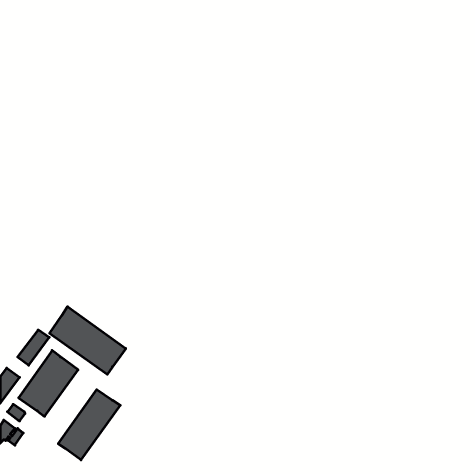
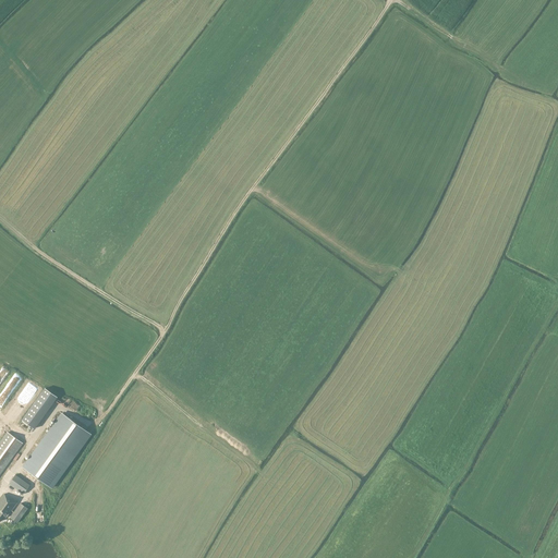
building: [50,307,126,374] -> none
building: [58,390,120,460] -> none

